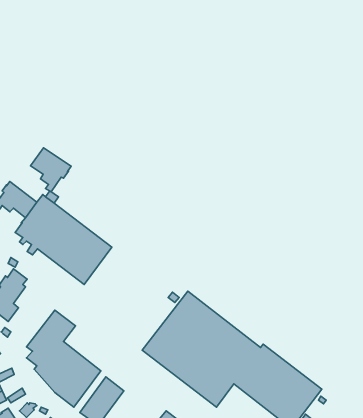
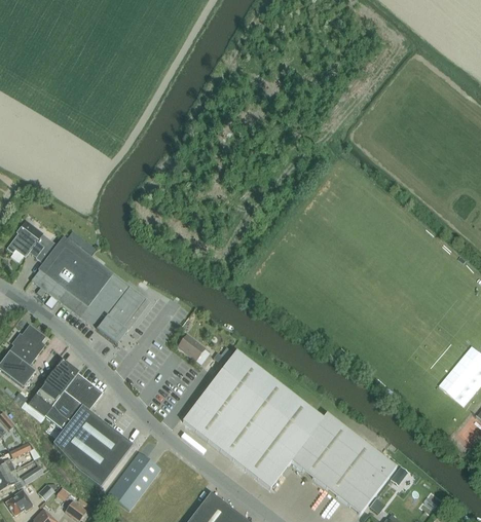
building: [30,148,71,192] -> none
building: none -> [177,334,206,361]
building: none -> [25,360,78,421]

